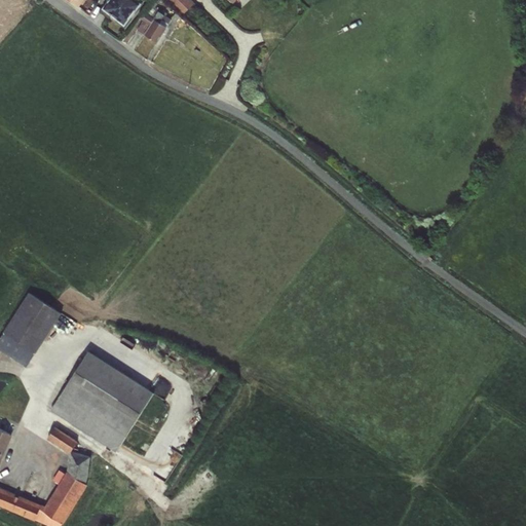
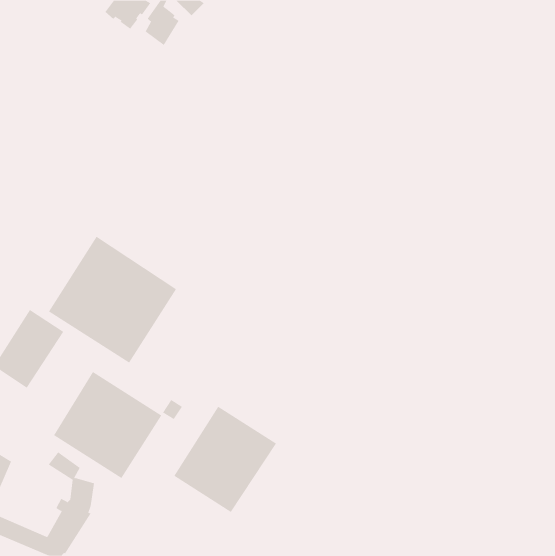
building: none -> [48,236,177,363]
building: none -> [174,406,277,513]

